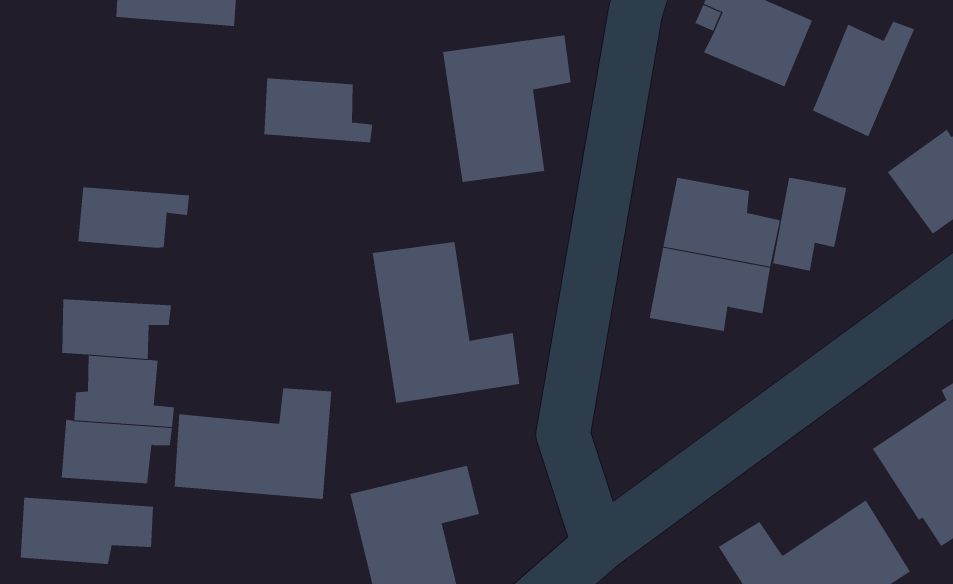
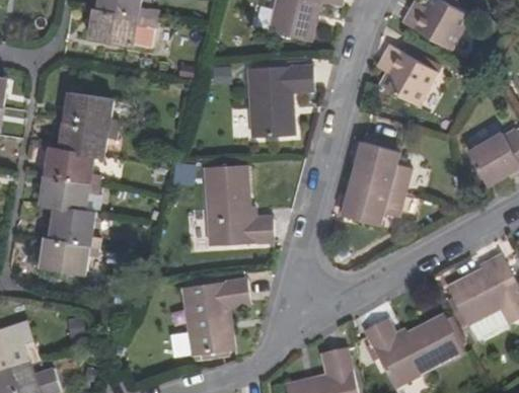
building: [812,21,915,137] -> none
building: [264,78,373,143] -> [62,92,118,130]
building: [772,177,847,272] -> none
building: none -> [47,148,103,184]
building: [174,388,332,500] -> none
building: [20,497,154,565] -> none

